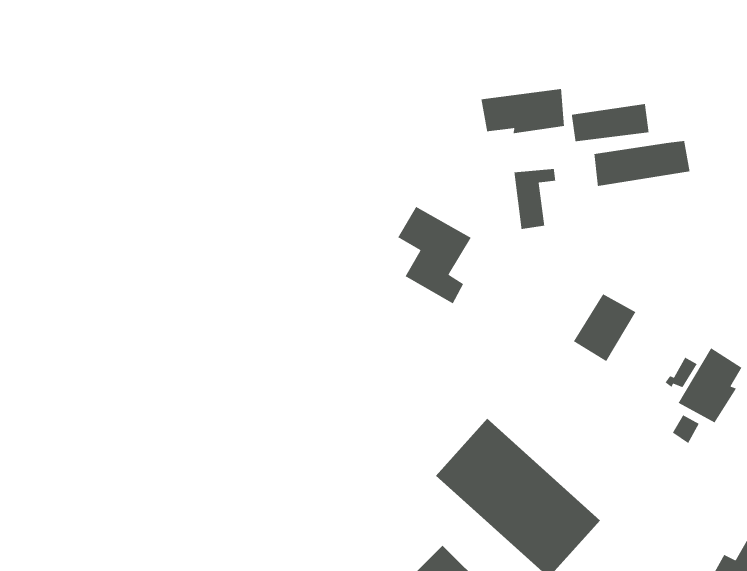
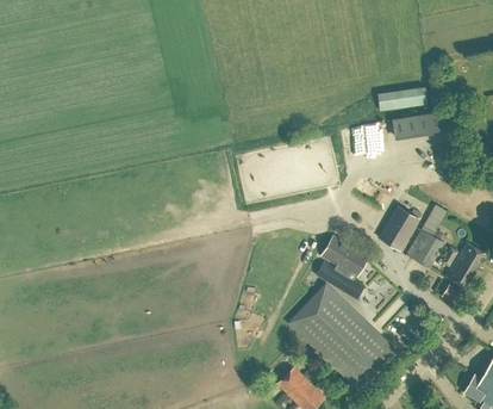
building: [480,88,565,134] -> none
building: [397,206,472,304] -> [322,237,369,300]
building: none -> [406,230,444,269]

